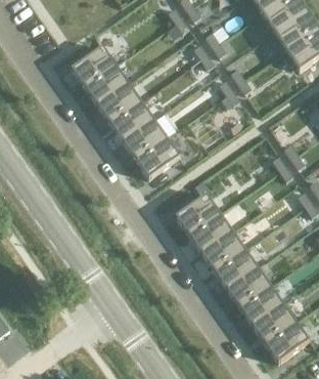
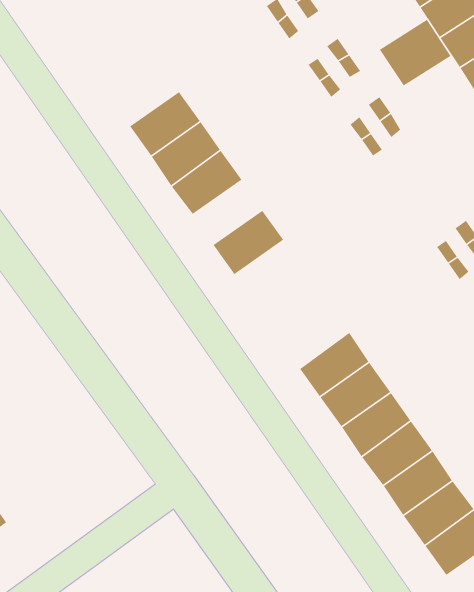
building: none -> [379,19,452,87]
building: [72,47,116,87] -> none
building: [124,120,167,160] -> none
building: [176,195,220,236] -> none

